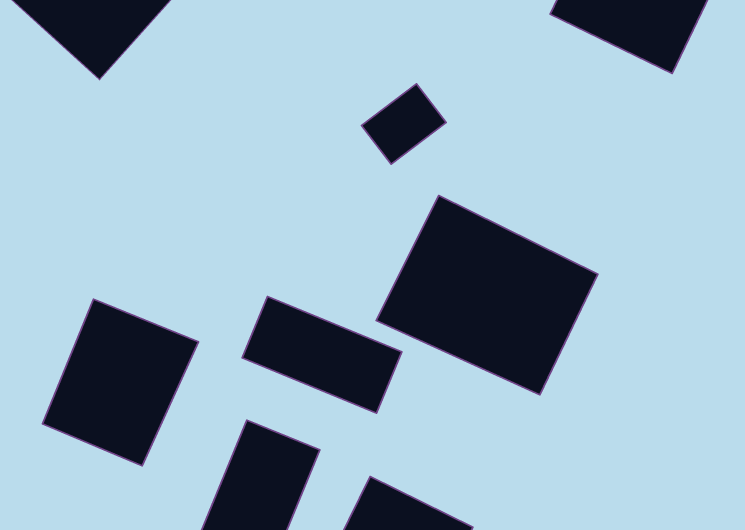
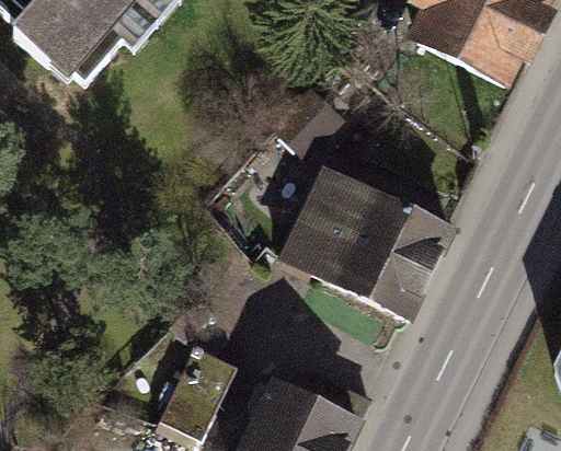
building: [242,297,402,413] -> none
building: [42,299,198,466] -> none

